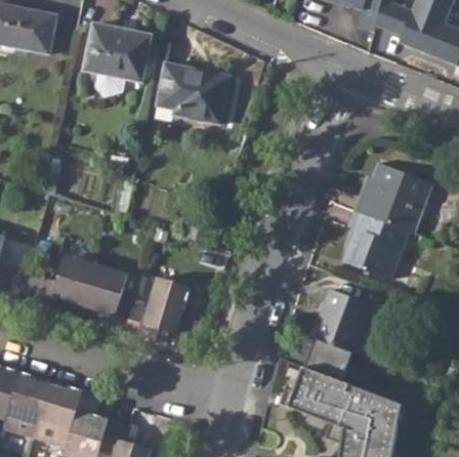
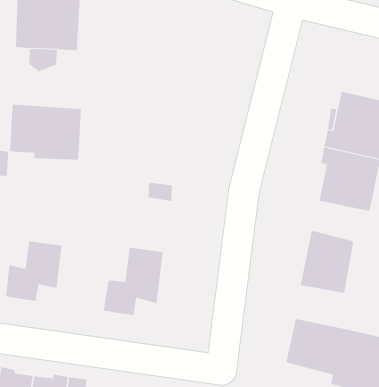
building: [153,58,227,121] -> [9,104,82,160]
building: [83,265,132,333] -> none
building: [303,338,354,382] -> none

